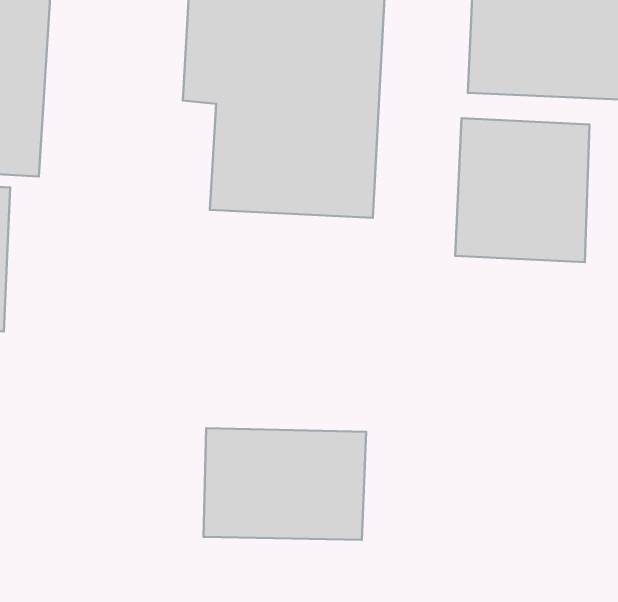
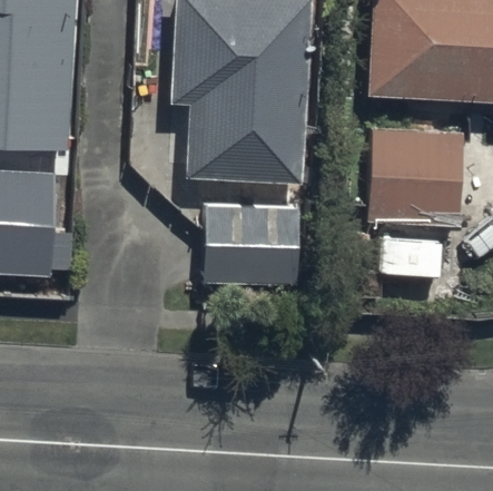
building: none -> [197,198,295,272]
building: [204,428,366,540] -> none

